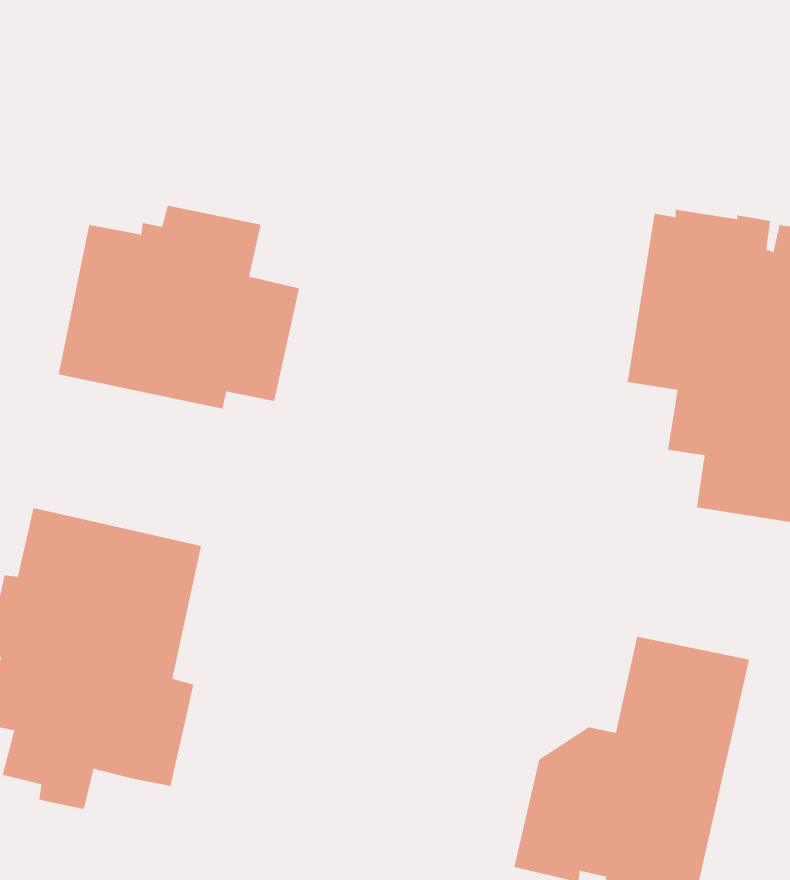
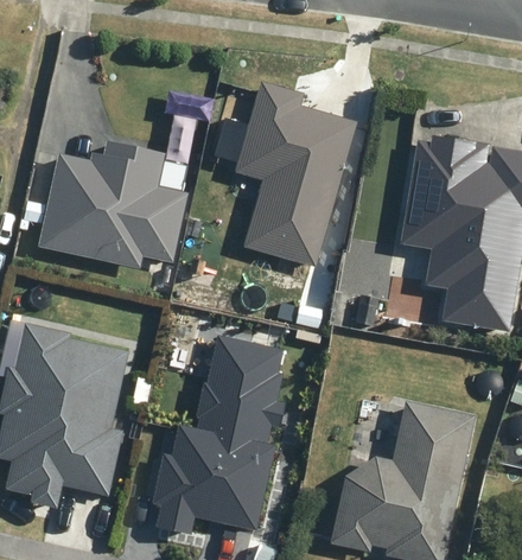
building: none -> [231,83,352,267]
building: none -> [147,336,280,535]

